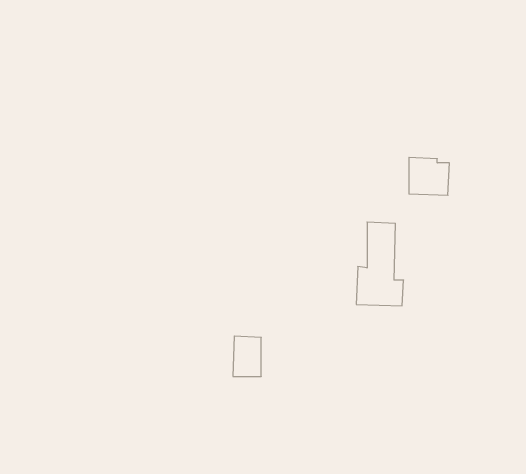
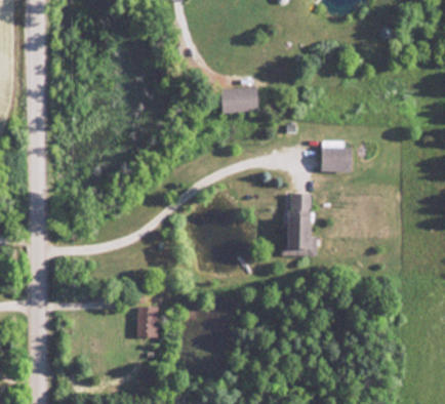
building: none -> [220,87,257,114]
building: [233,336,261,376] -> [136,307,158,337]

